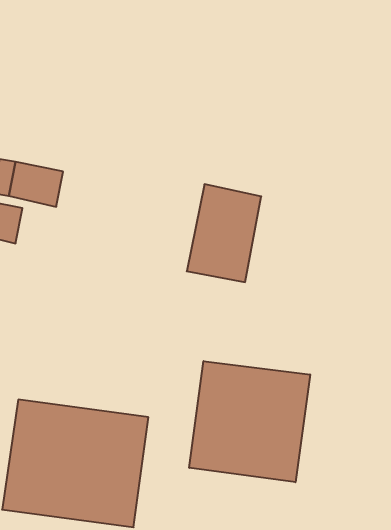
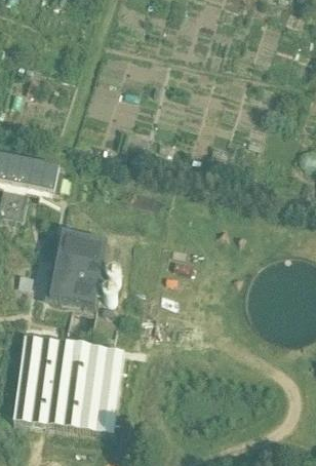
building: [187,184,261,282] -> [48,229,105,303]
building: [189,361,310,482] -> none

